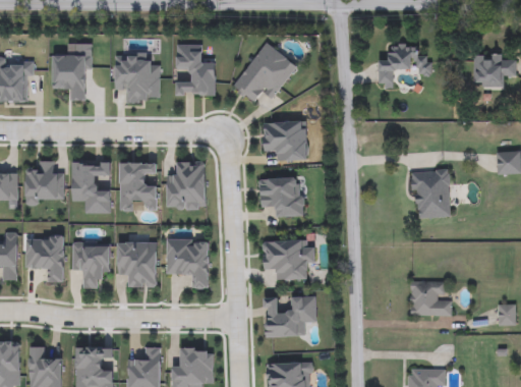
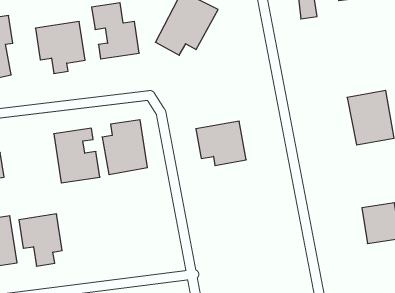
building: [263,120,307,161] -> none
building: [71,161,111,213] -> none
building: [166,238,209,289] -> none
building: [262,239,314,280] -> none
building: [117,241,157,287] -> none
building: [264,295,316,338] -> none

